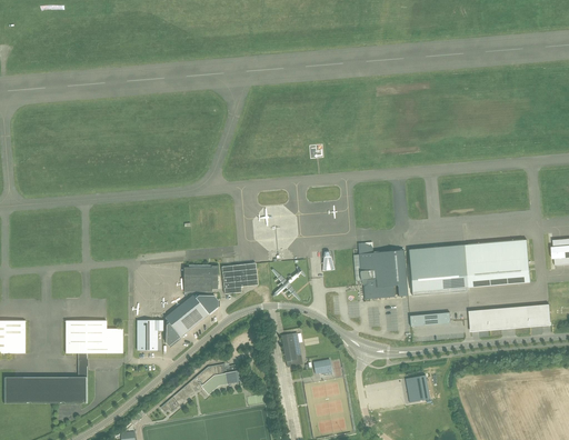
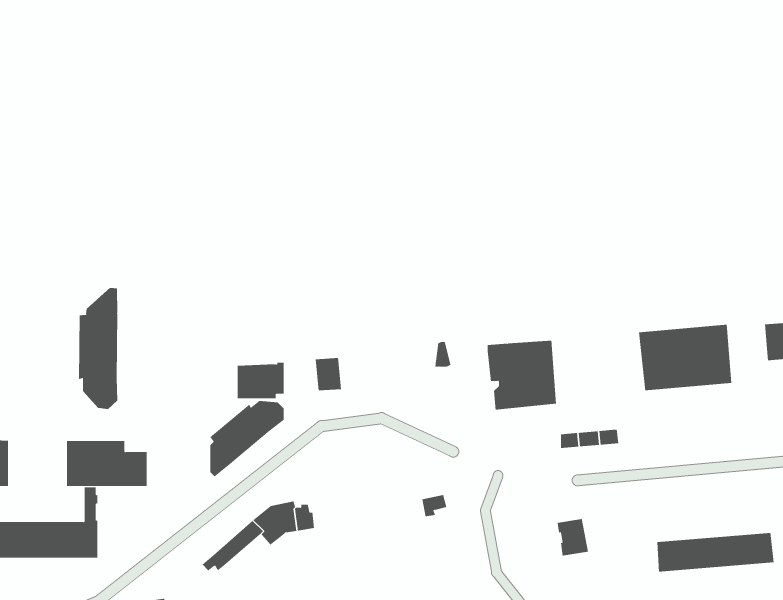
building: none -> [79,287,118,410]
building: [407,243,468,294] -> none
building: [221,263,241,293] -> none
building: [468,303,550,331] -> [656,532,774,572]
building: [136,320,161,349] -> none
building: [280,332,301,366] -> none

